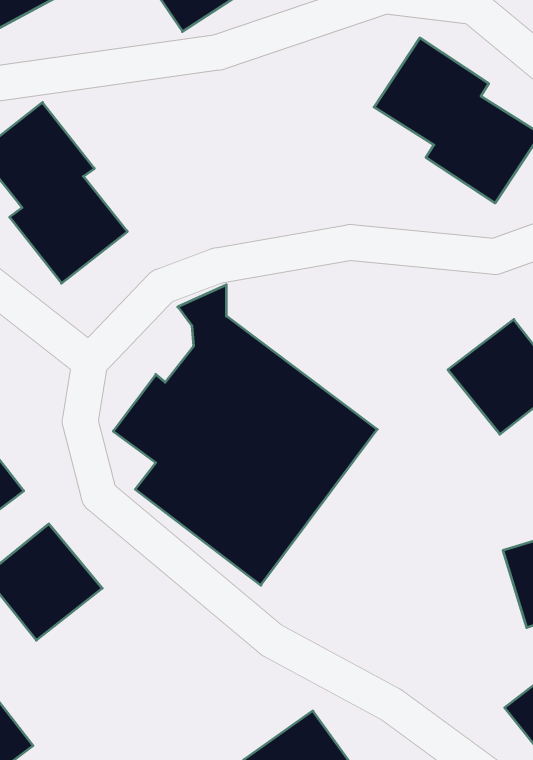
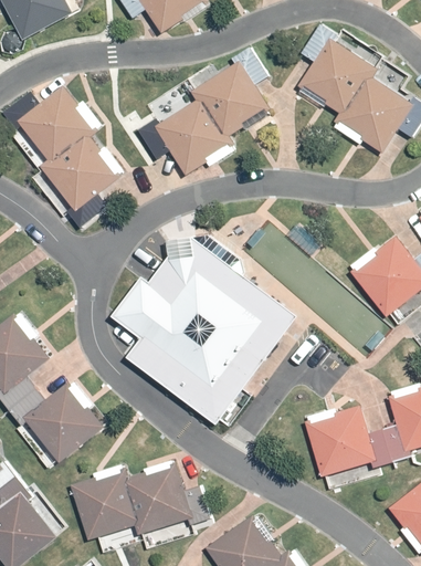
building: none -> [152,63,267,178]
building: none -> [303,408,375,479]
building: none -> [69,462,193,539]

